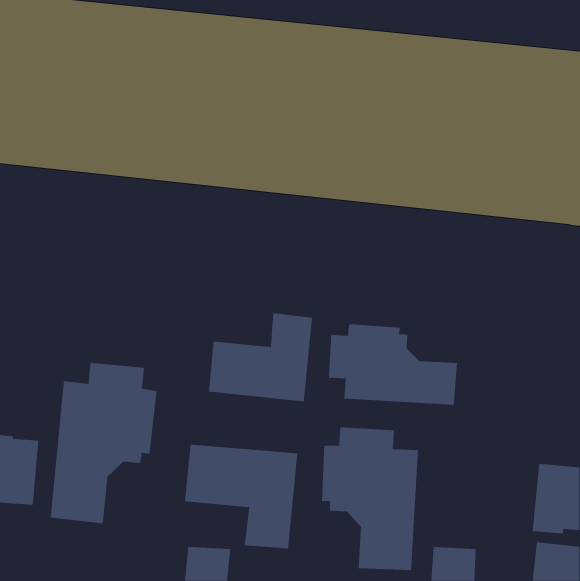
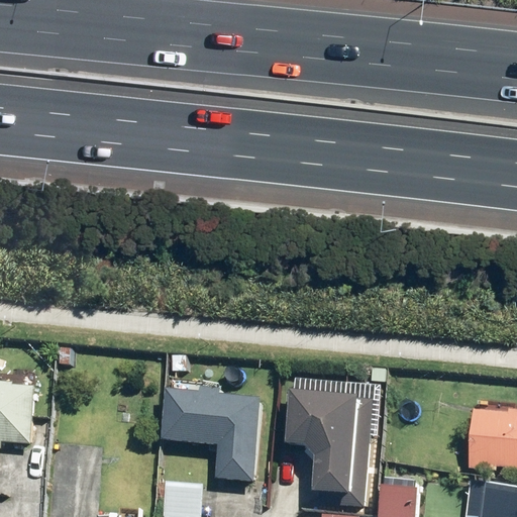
building: [208,313,312,402] -> none
building: [328,323,457,405] -> none
building: [50,362,157,524] -> none

